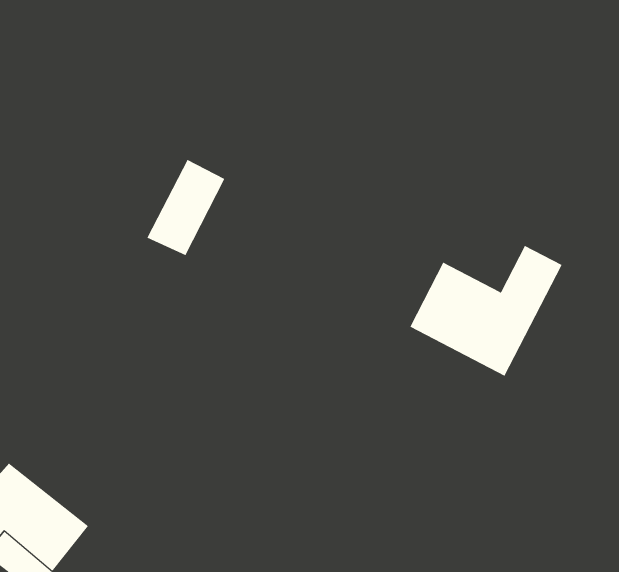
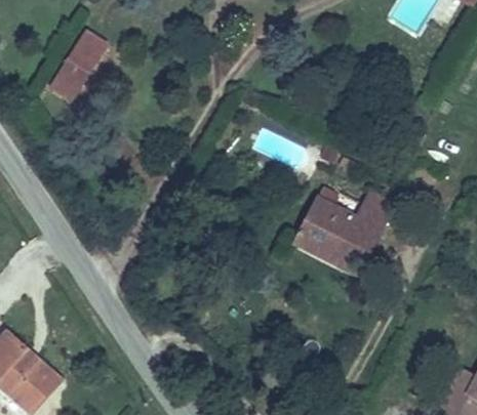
building: [146,159,225,256] -> [48,43,102,109]

